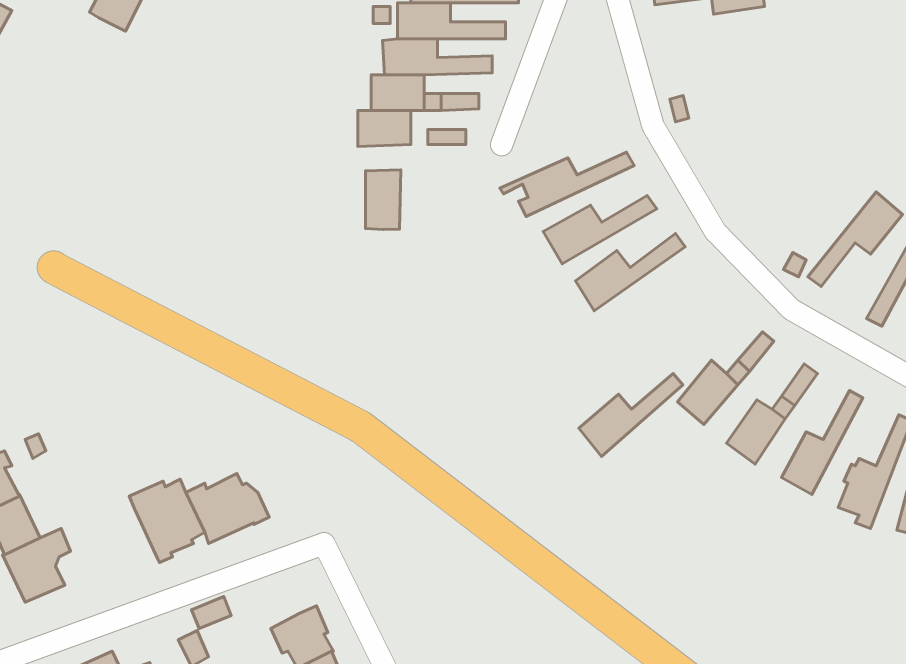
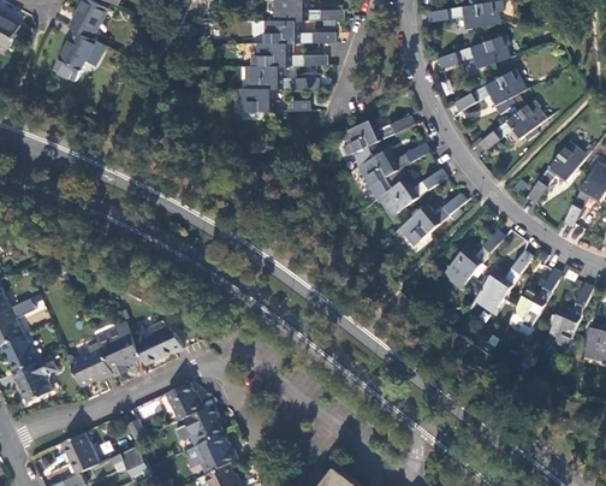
building: none -> [53,30,105,81]
building: none -> [436,36,509,67]
building: none -> [453,70,525,111]
building: none -> [477,100,546,149]
building: [366,170,401,229] -> none
building: [579,373,683,457] -> [399,192,465,245]
building: none -> [70,343,112,386]
building: none -> [165,383,202,421]

